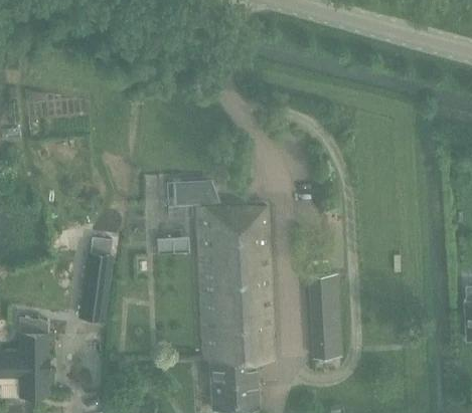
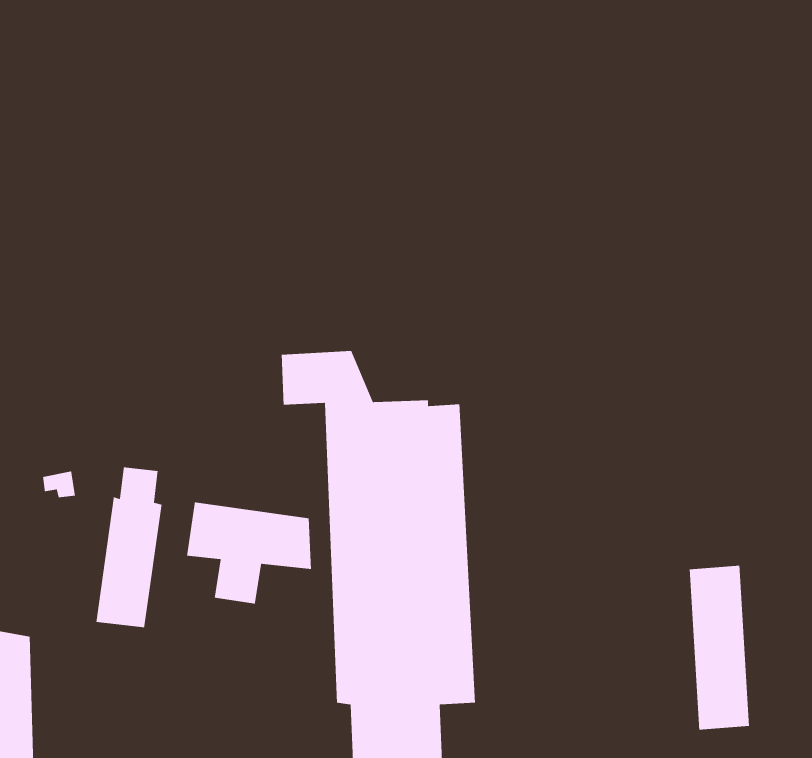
building: none -> [186,502,312,605]
building: [309,274,340,359] -> [689,565,750,731]

